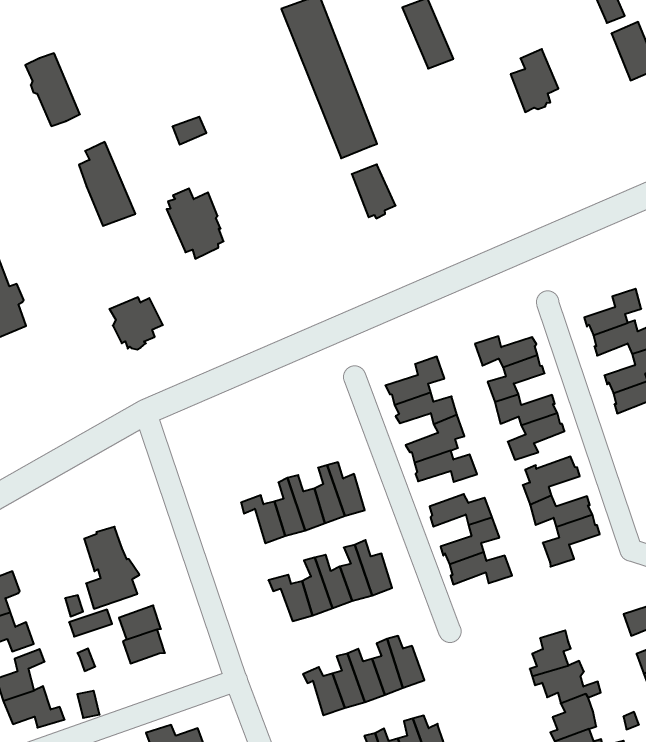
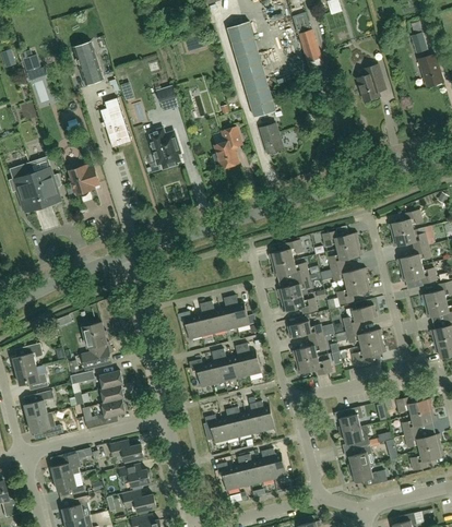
building: none -> [212,127,241,168]
building: [109,297,163,350] -> [69,165,99,195]
building: none -> [82,398,124,428]

